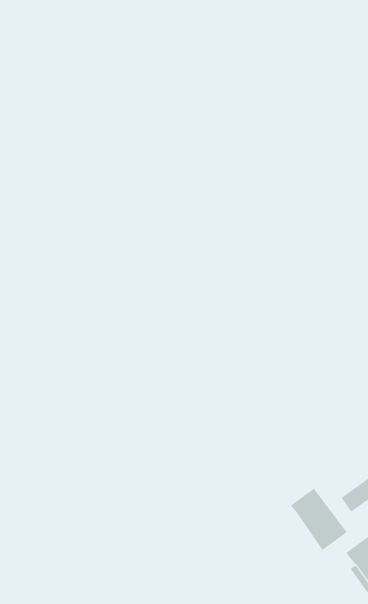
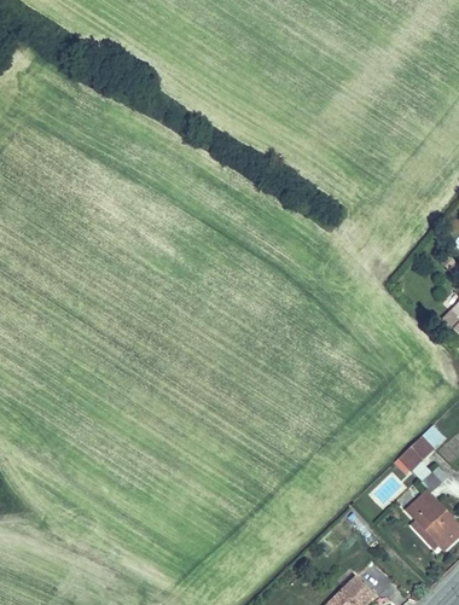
building: [290,488,348,551] -> none

